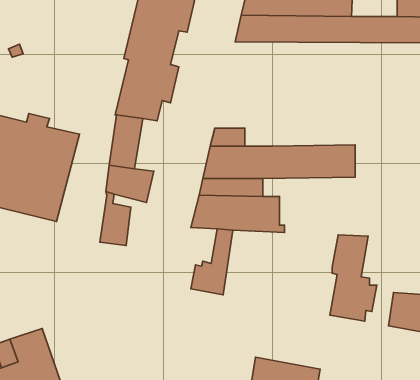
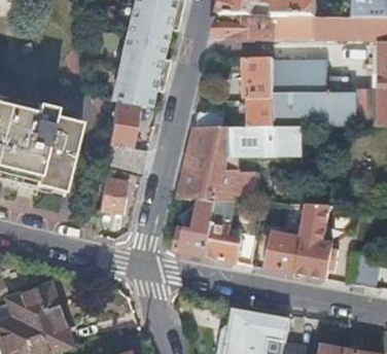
building: none -> [247,59,355,128]
building: none -> [205,200,240,261]
building: none -> [265,231,303,273]

